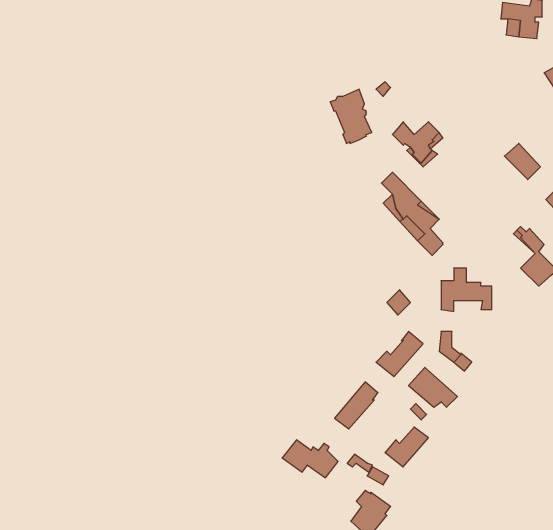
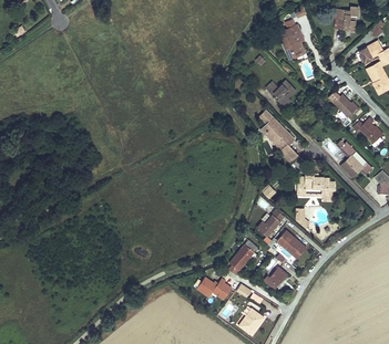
building: [330,89,372,143] -> [279,24,305,58]

